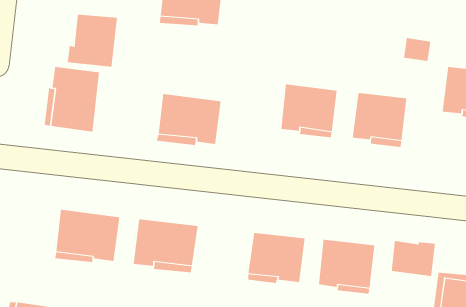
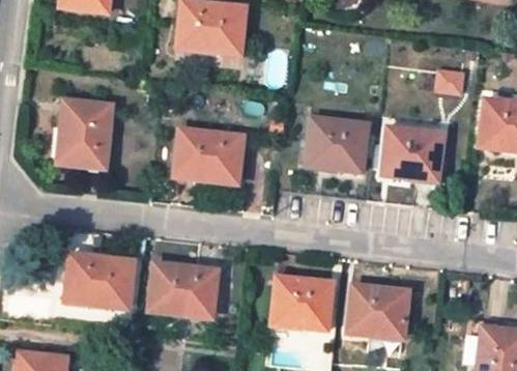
building: [67,14,118,67] -> none
building: [391,240,435,277] -> none

